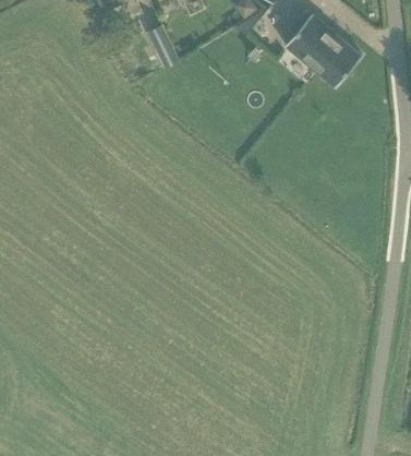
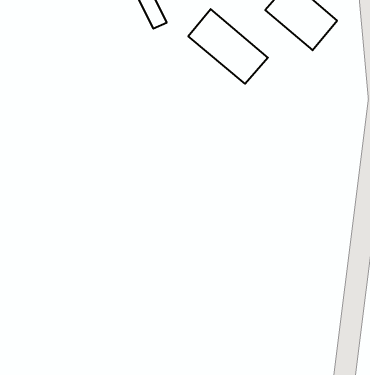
building: none -> [188,9,268,84]

